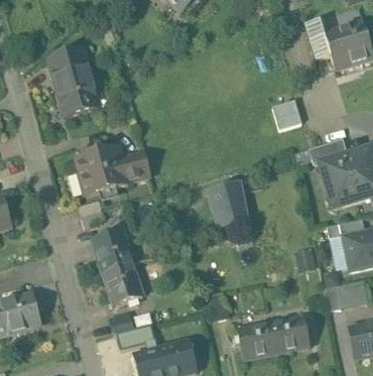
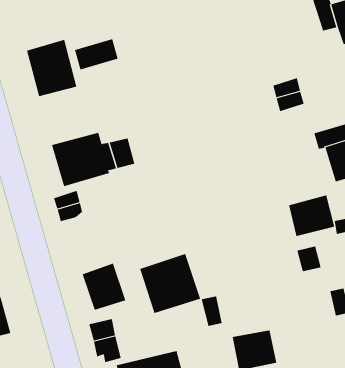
building: [48,46,88,75] -> [74,38,118,70]
building: [208,180,248,226] -> none
building: none -> [288,195,335,237]
building: [93,231,131,273] -> none
building: none -> [139,253,201,314]
building: [270,316,309,352] -> none

